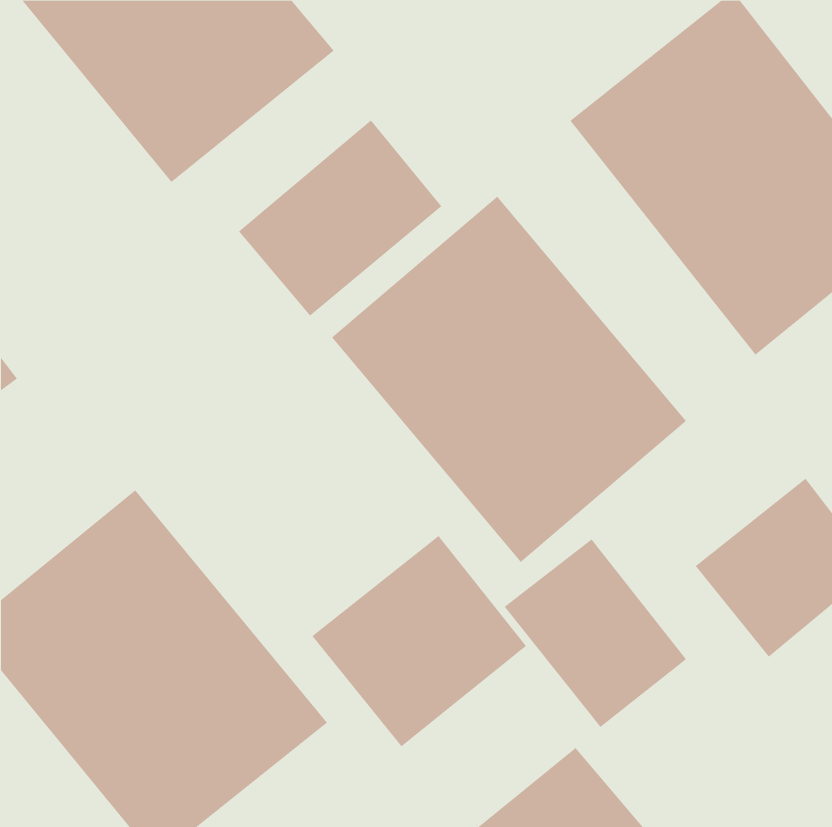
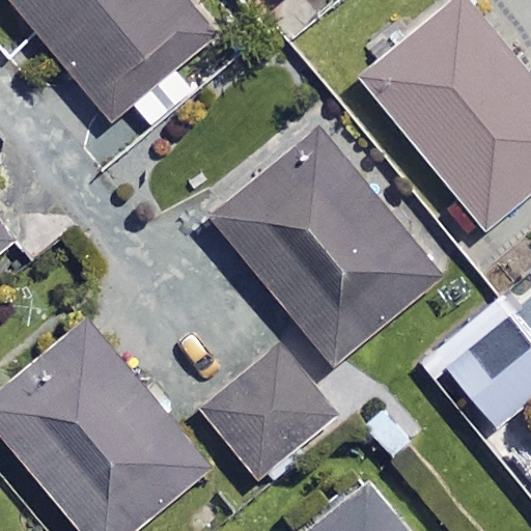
building: [238,120,442,317] -> none
building: [504,538,687,728] -> none

